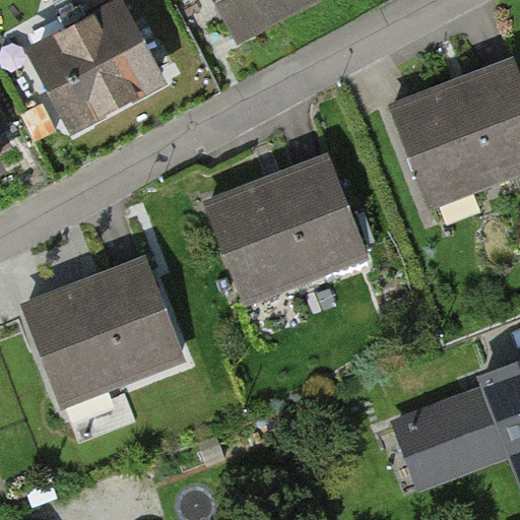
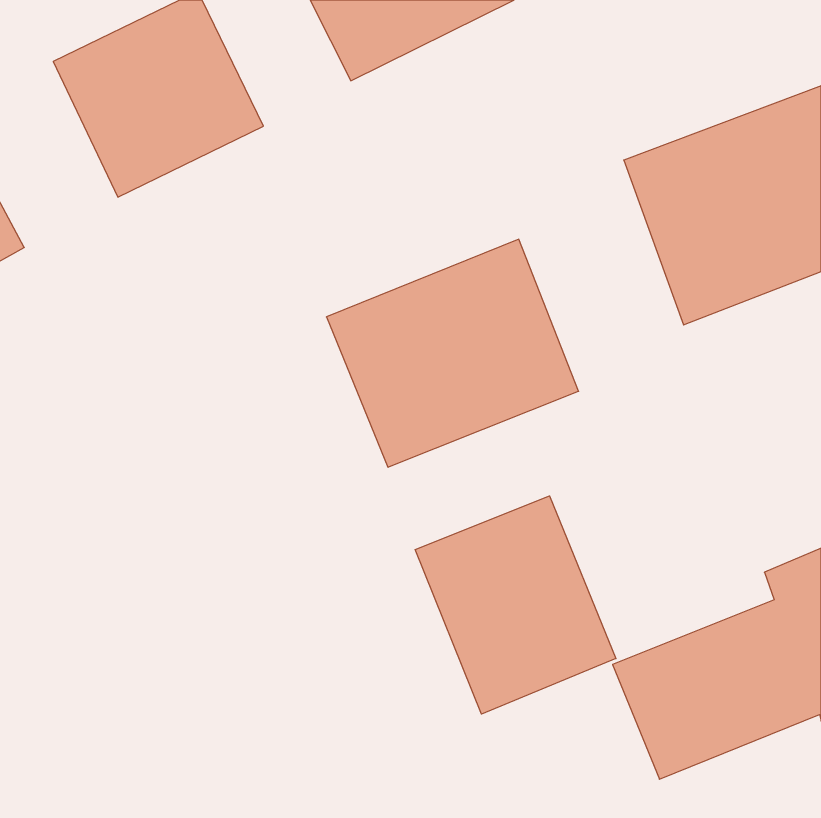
building: [24,256,187,406] -> none
building: none -> [415,496,616,714]

